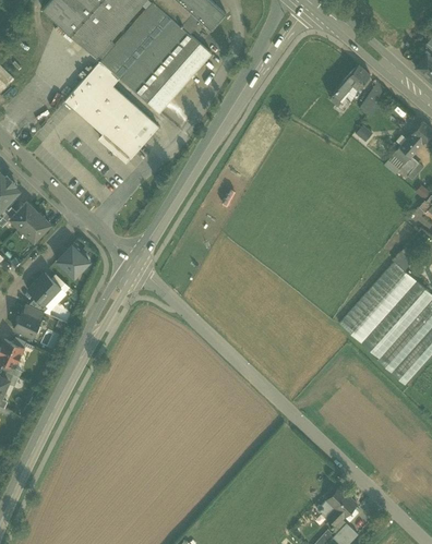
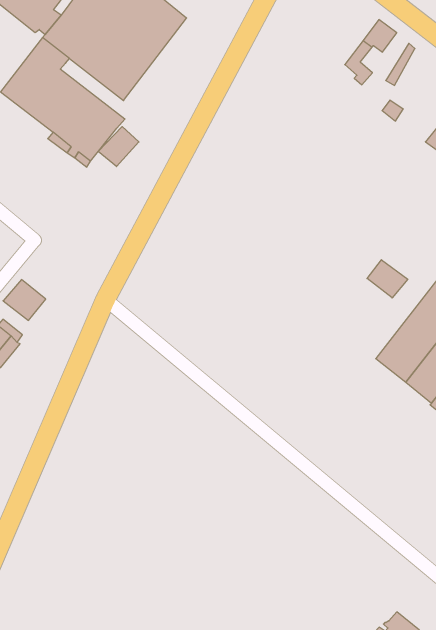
building: none -> [98,127,139,167]
building: none -> [367,260,408,298]
building: [316,486,357,524] -> none

